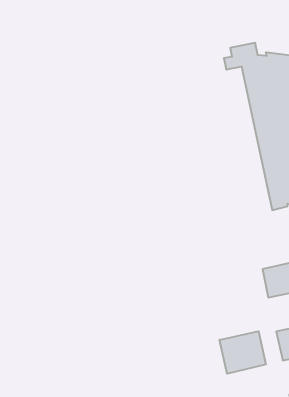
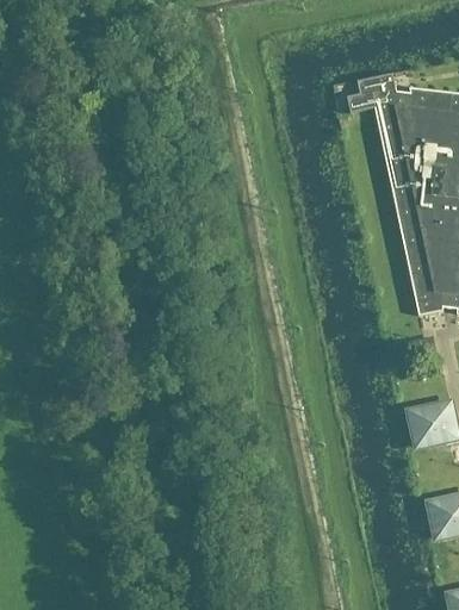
building: [220,331,266,374] -> none

